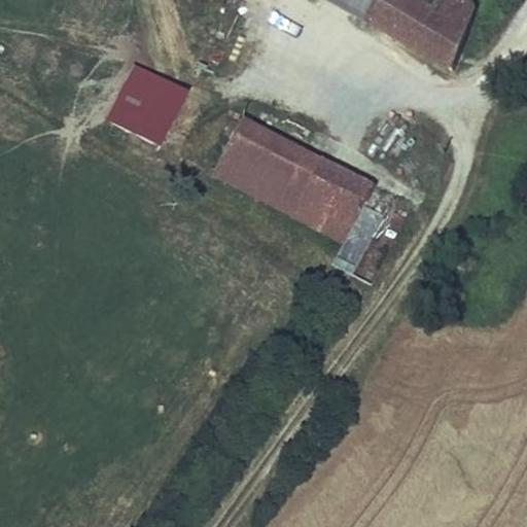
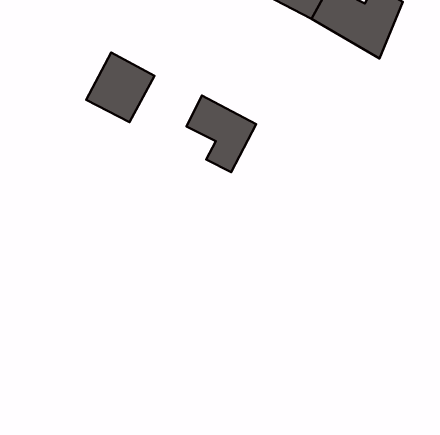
building: [277,148,375,241] -> none
building: [212,151,258,190] -> none

